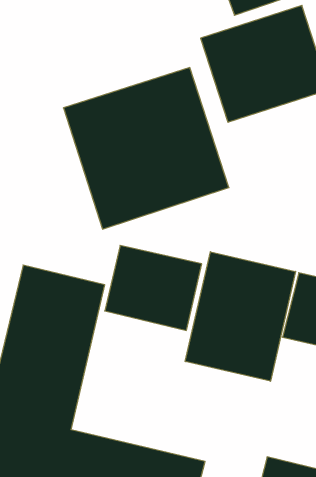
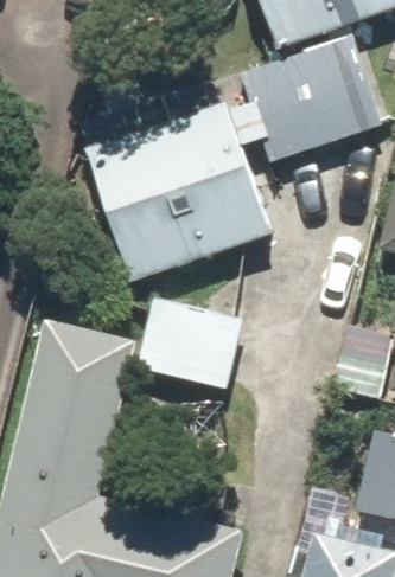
building: [185,252,296,381] -> none

